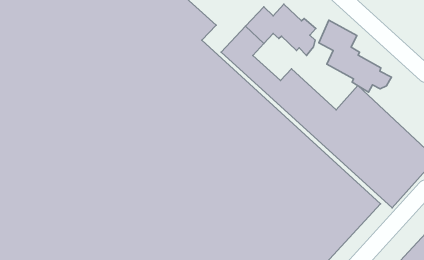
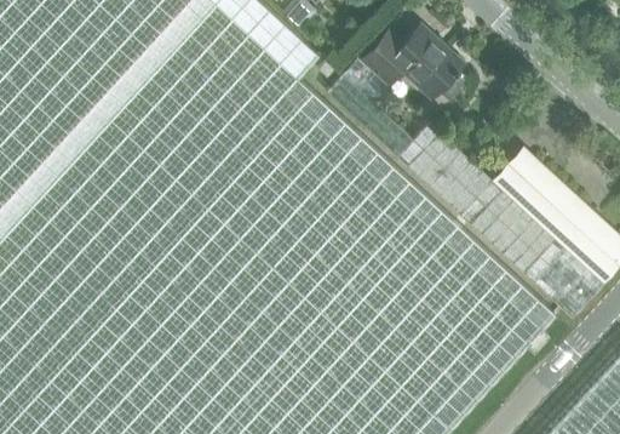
building: [319,20,391,92] -> none

